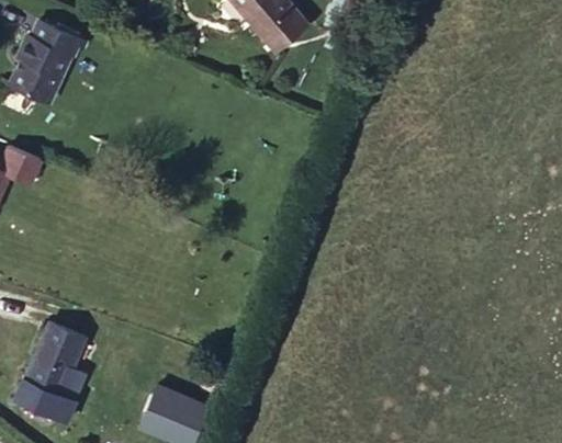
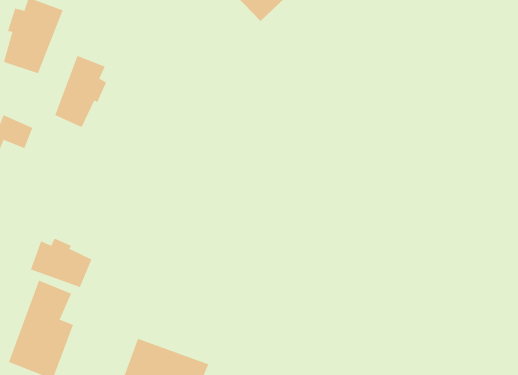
building: none -> [55,55,107,128]
building: none -> [30,238,92,288]

